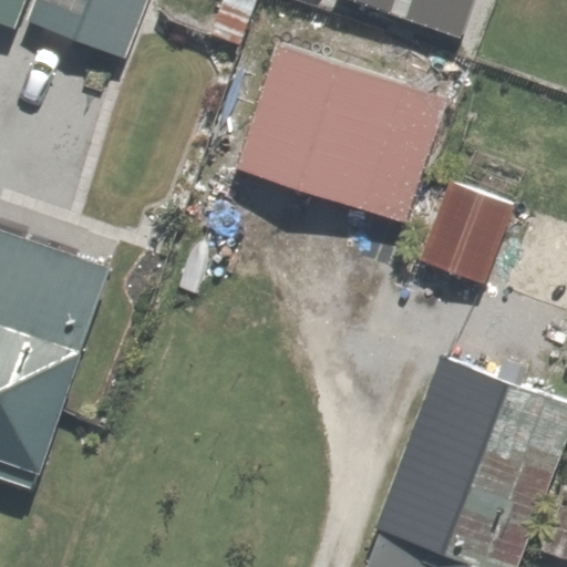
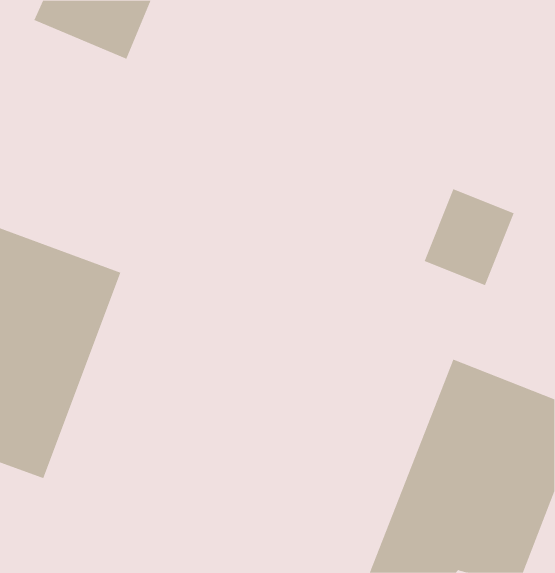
building: [228,41,446,227] -> none

